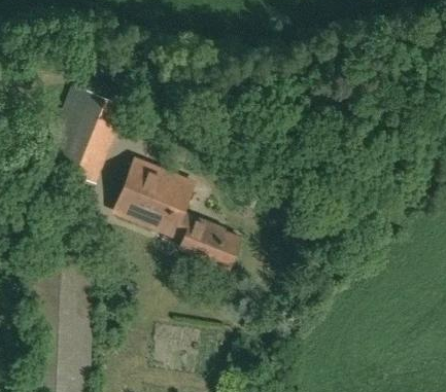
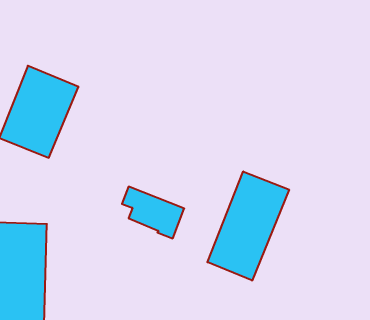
building: [115,161,194,235] -> none
building: none -> [207,171,289,281]

